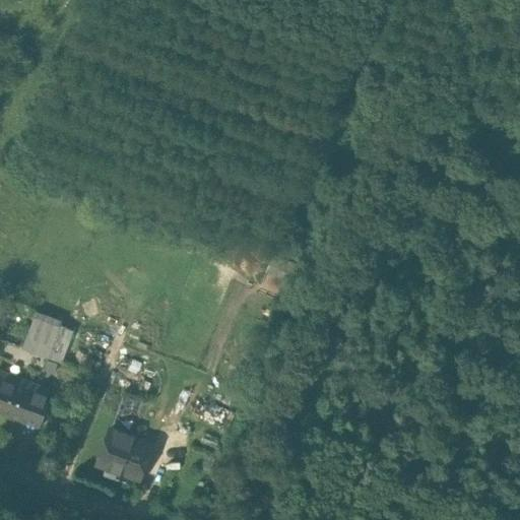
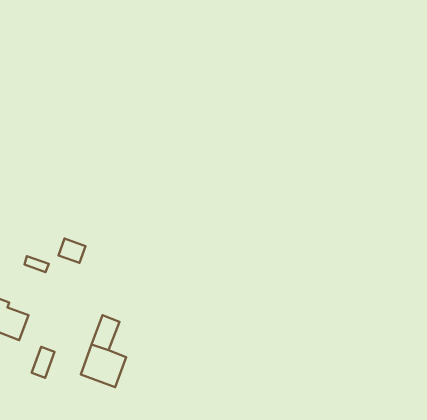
building: [22,331,55,361] -> [59,239,85,263]
building: [23,392,51,430] -> [32,347,55,378]

